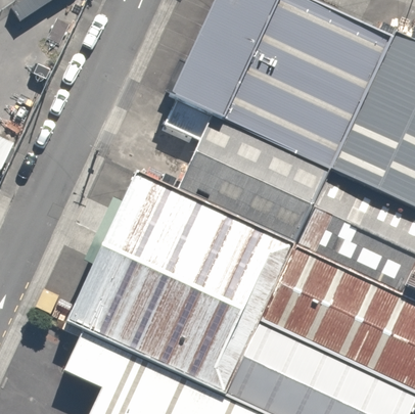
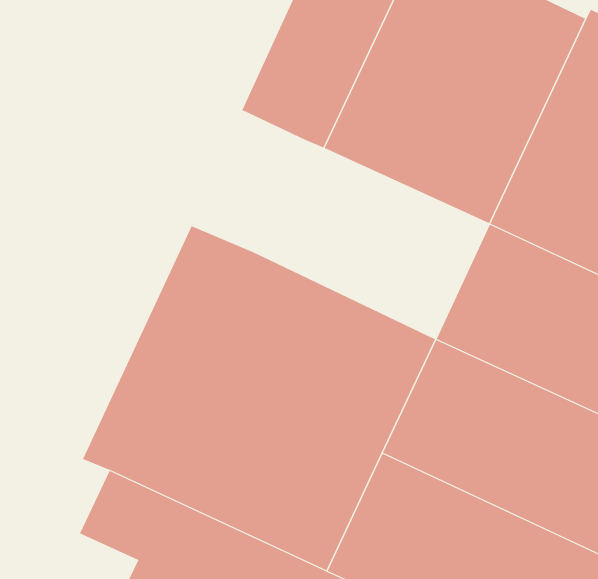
building: [175,119,327,247] -> none

